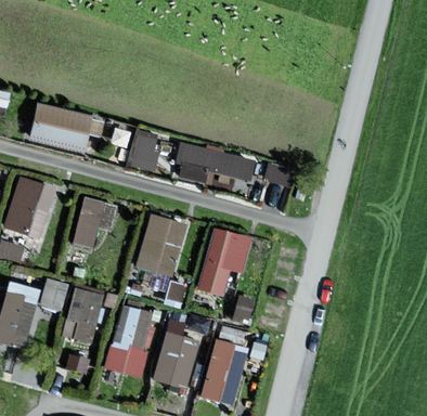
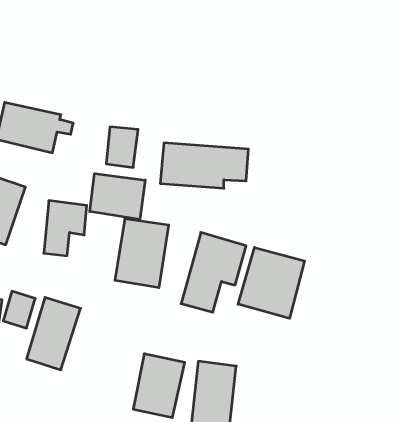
building: none -> [90,174,145,219]
building: none -> [238,247,305,318]
building: [105,304,156,378] -> none

